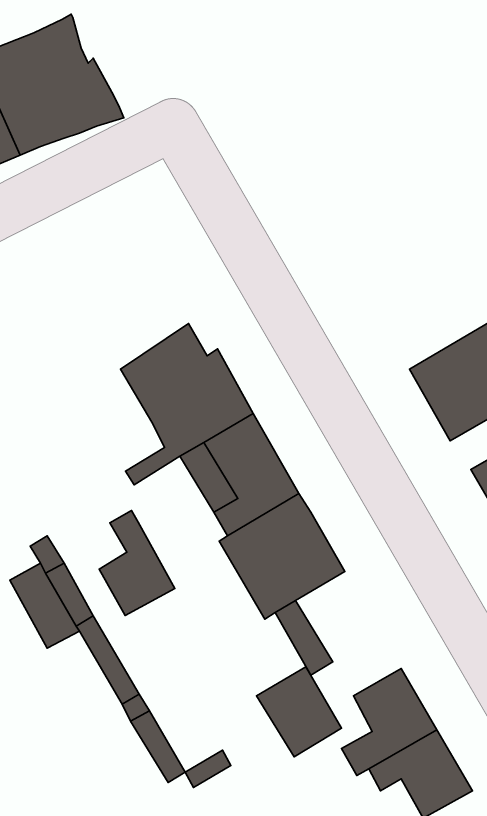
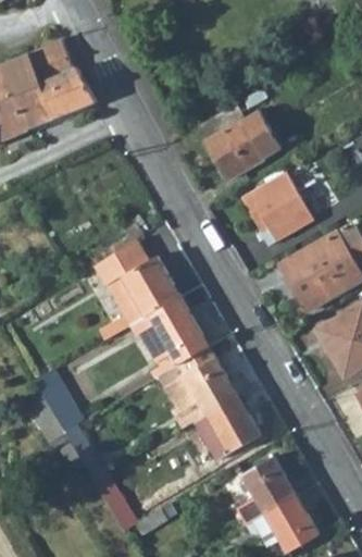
building: none -> [196,87,280,180]
building: none -> [241,173,313,240]
building: [99,510,175,616] -> none
building: [257,667,342,757] -> [207,395,261,453]

